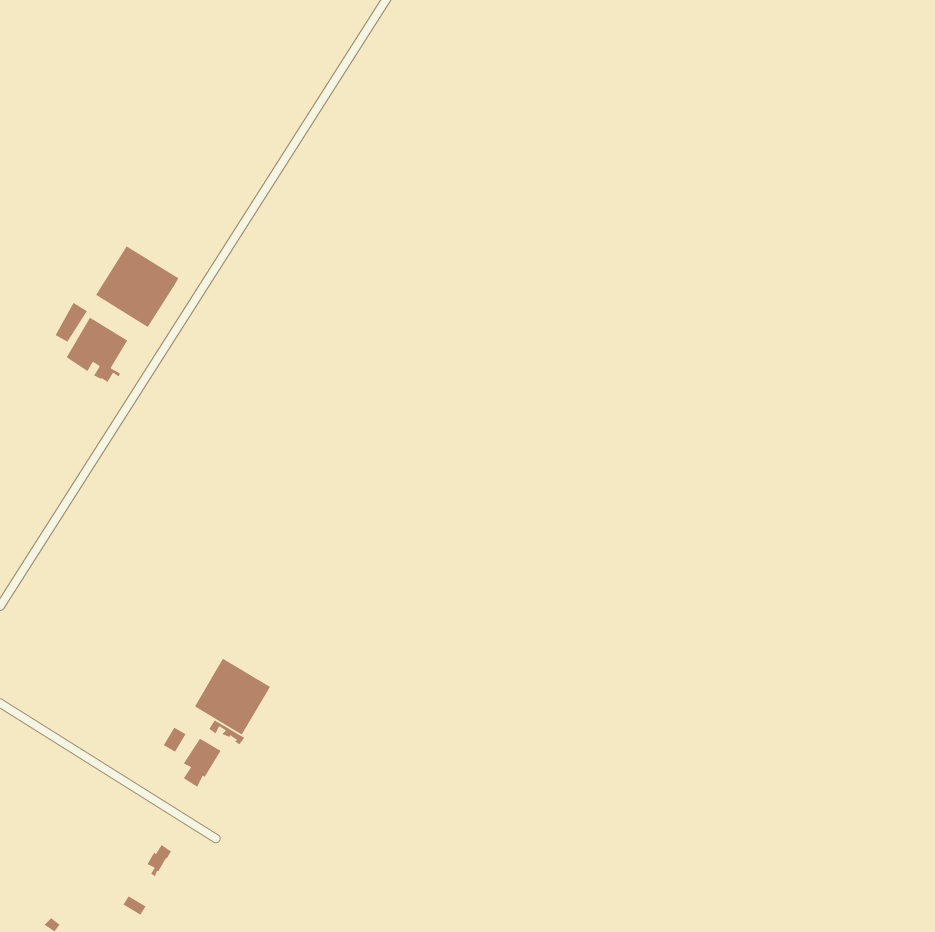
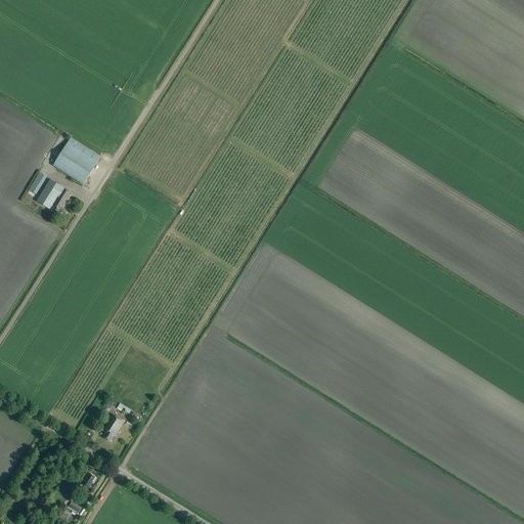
building: [194,658,271,735] -> none

